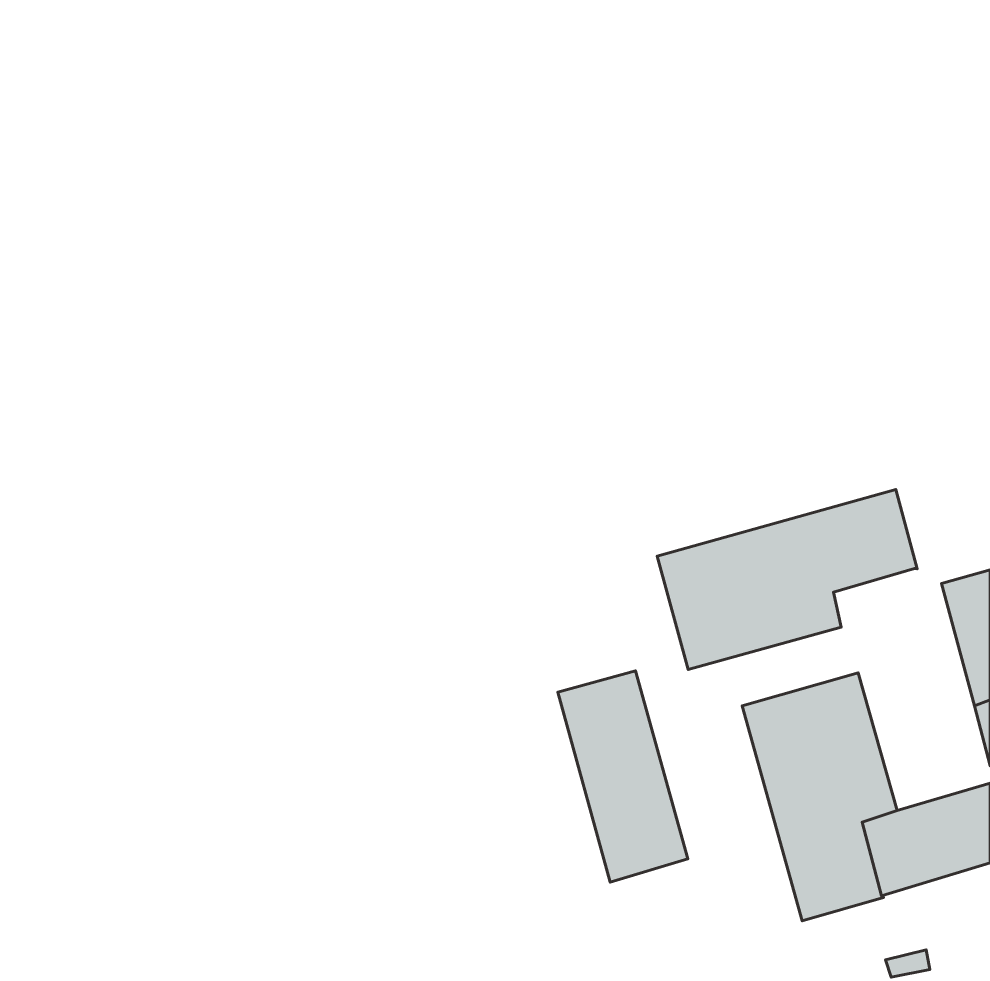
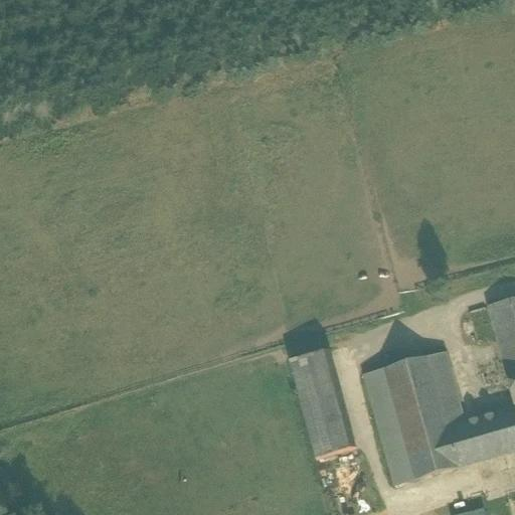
building: [657,489,917,670] -> none
building: none -> [364,366,416,484]

